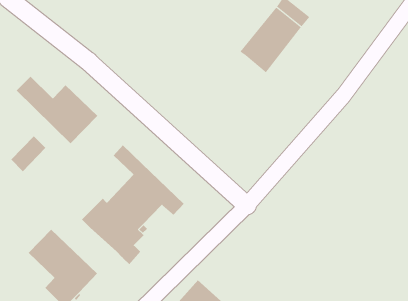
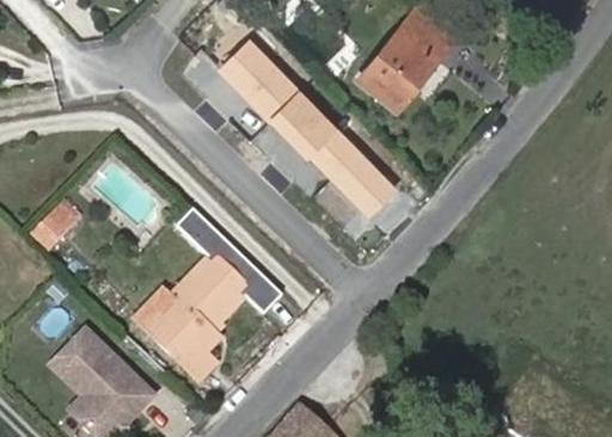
building: none -> [215,35,397,216]
building: [16,76,98,144] -> none

